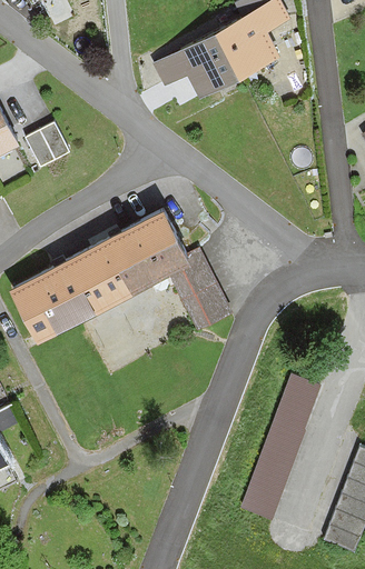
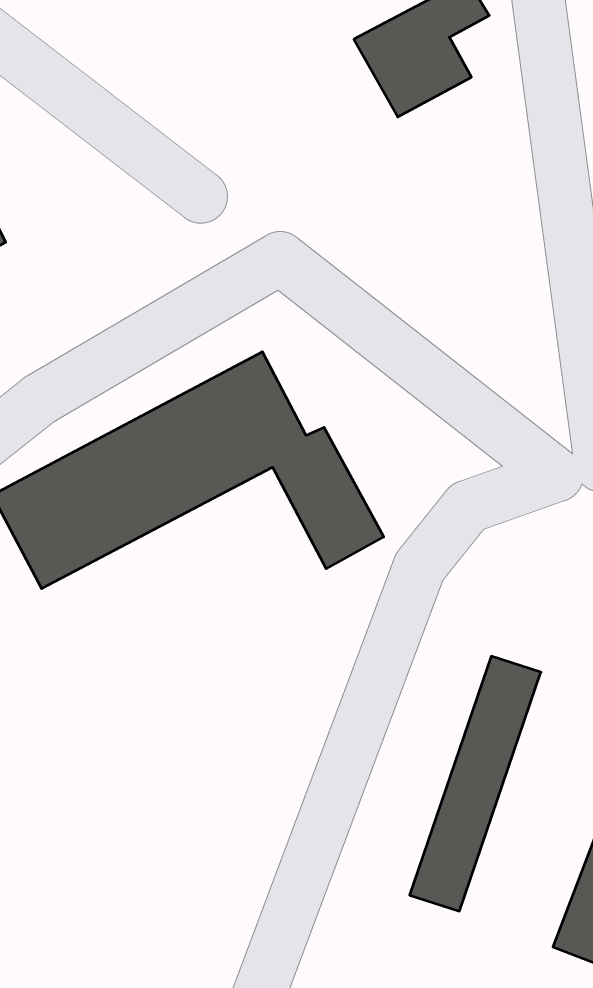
building: [155,33,238,98] -> none
building: [24,126,68,169] -> none

